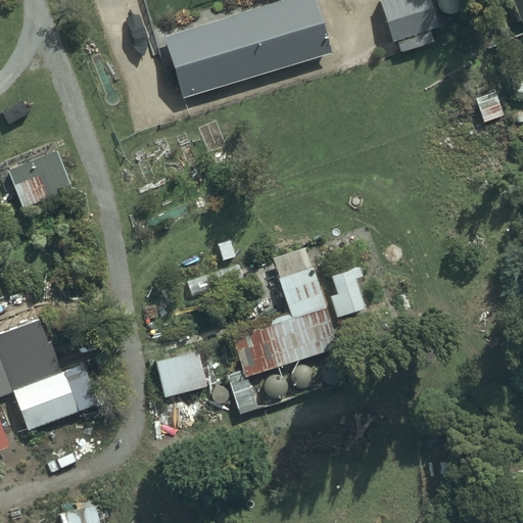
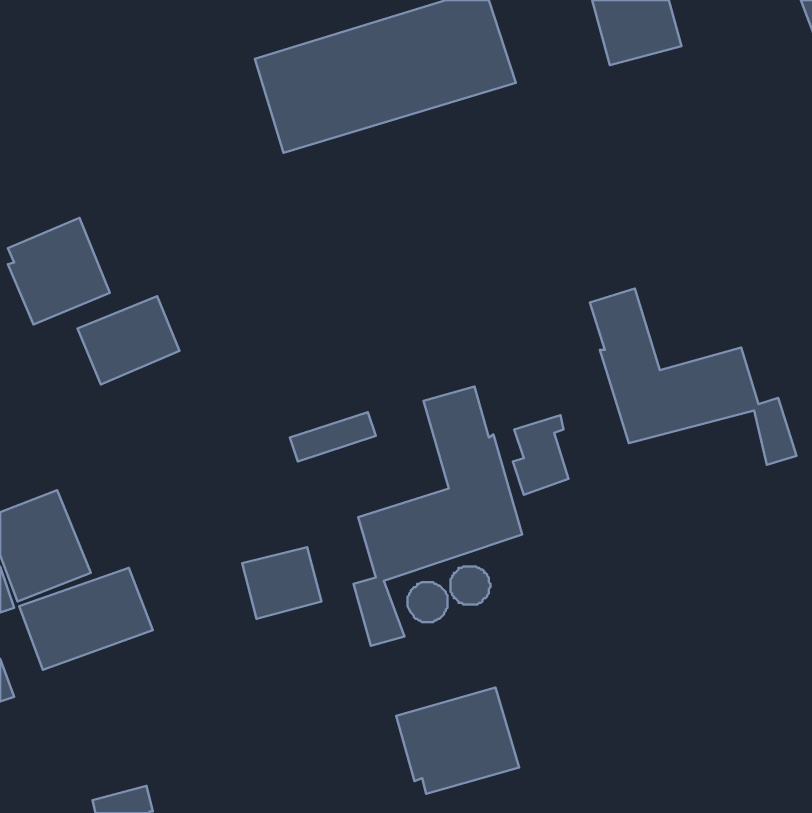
building: none -> [590,288,796,465]
building: none -> [77,296,179,385]
building: none -> [396,688,519,794]

